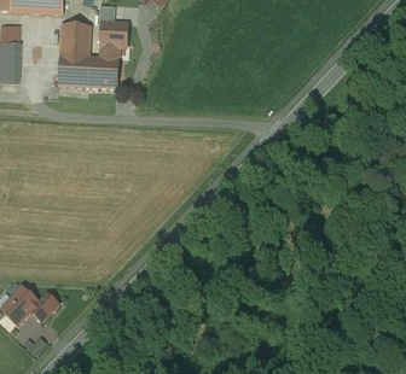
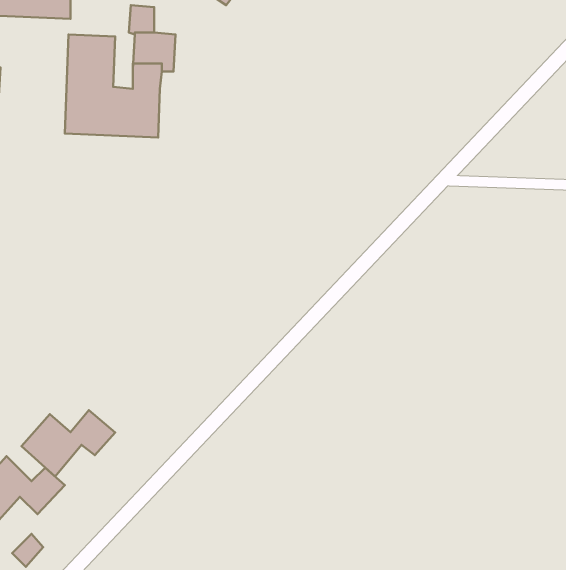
building: none -> [22,410,115,477]

